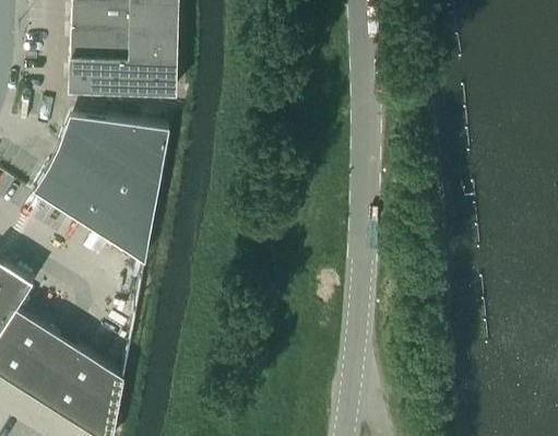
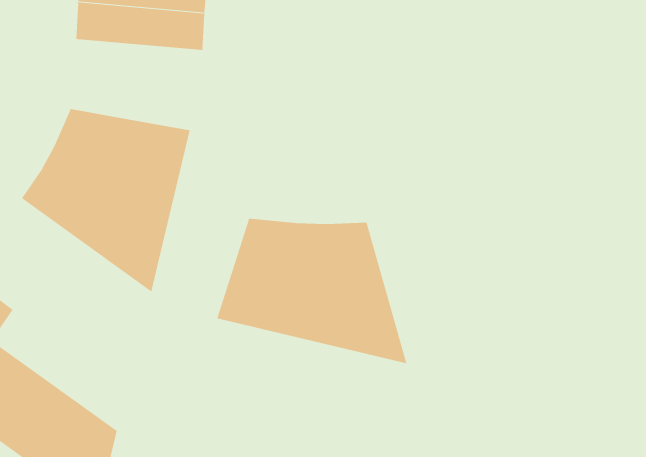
building: [68,60,176,94] -> none
building: none -> [216,218,407,364]

